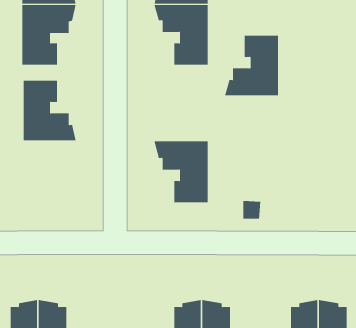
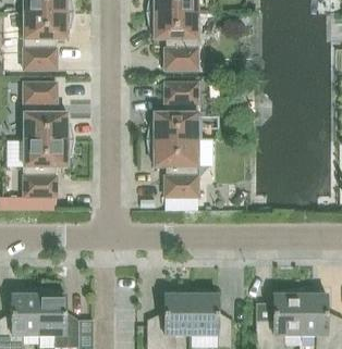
building: [224,35,279,96] -> [146,83,197,139]
building: none -> [24,139,74,197]

